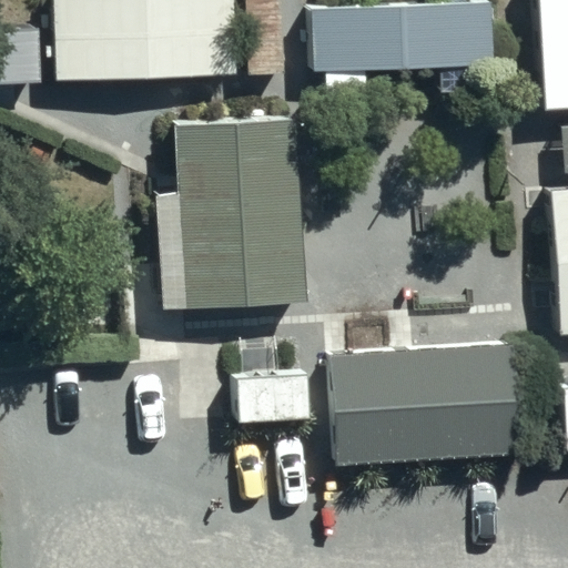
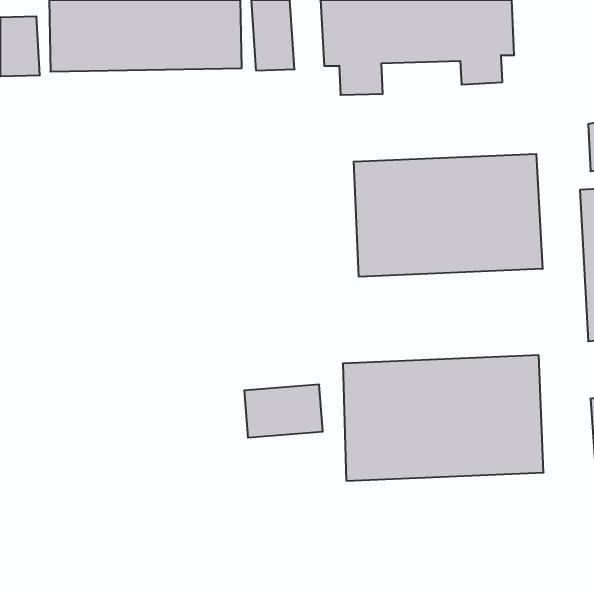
building: [158,118,303,305] -> none
building: none -> [354,154,543,277]

